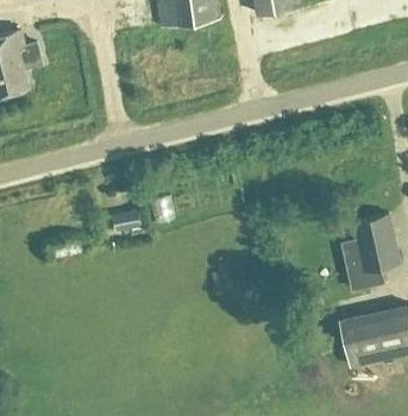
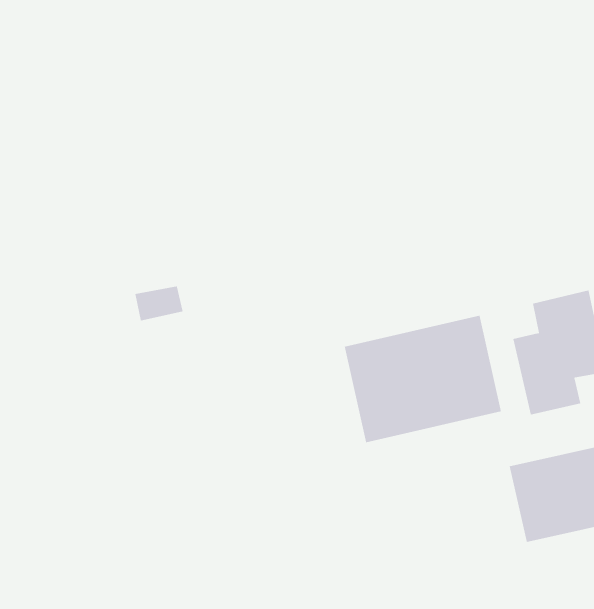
building: none -> [344,315,502,443]

